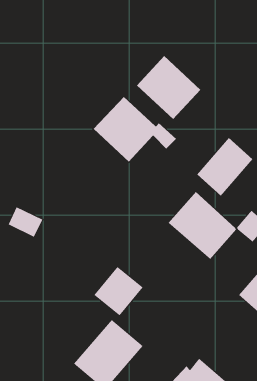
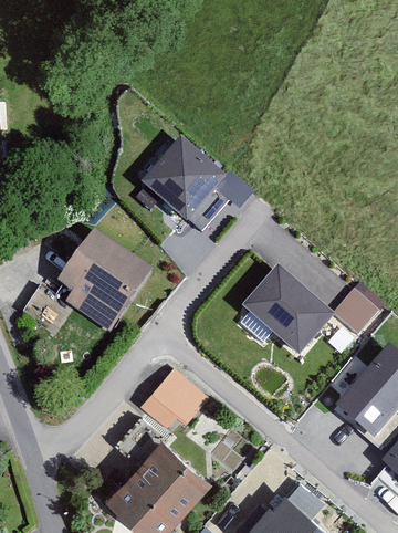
building: [136,55,201,120] -> none
building: [196,137,253,196] -> none
building: none -> [61,239,149,326]

